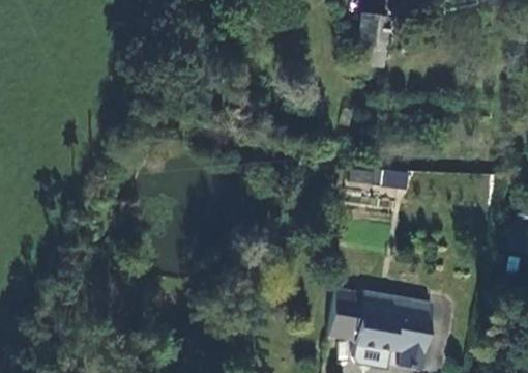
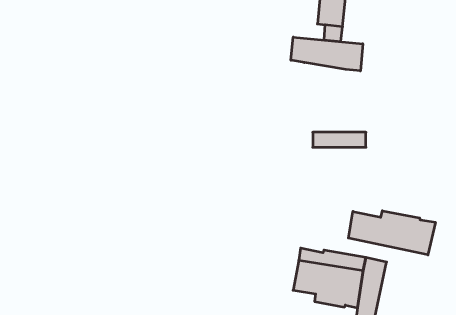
building: none -> [291,37,363,71]
building: none -> [348,211,435,255]

